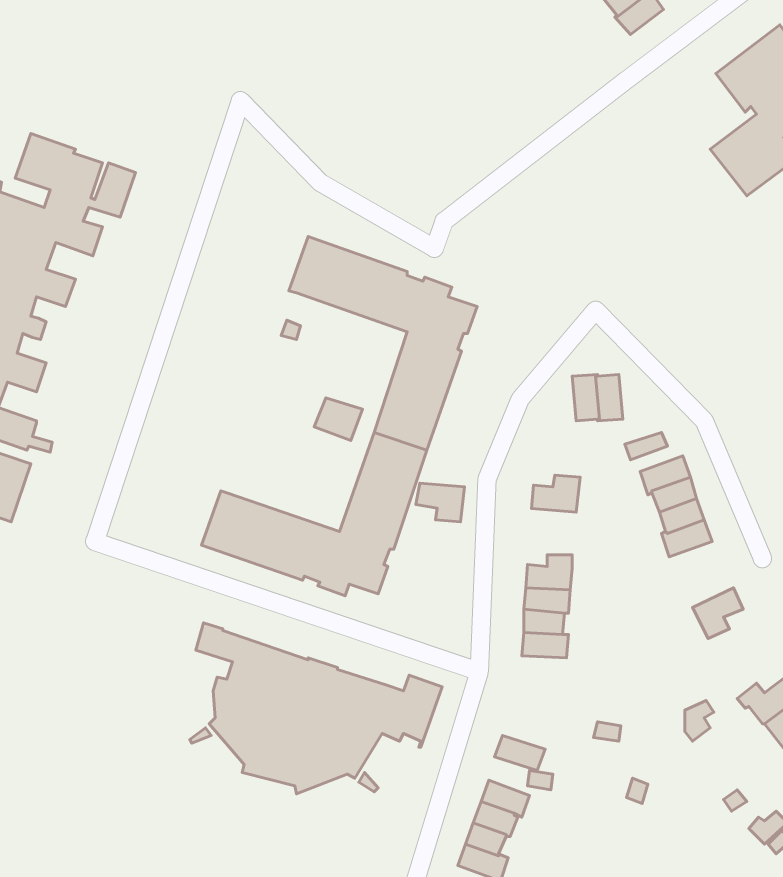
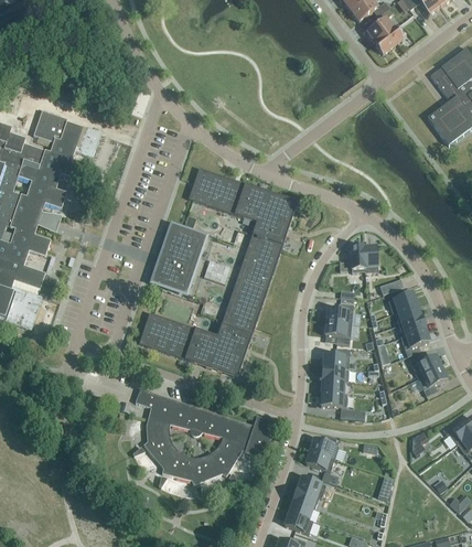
building: none -> [154,227,203,290]
building: [416,483,465,522] -> [324,322,352,344]
building: none -> [409,354,441,378]
building: none -> [310,436,341,459]

